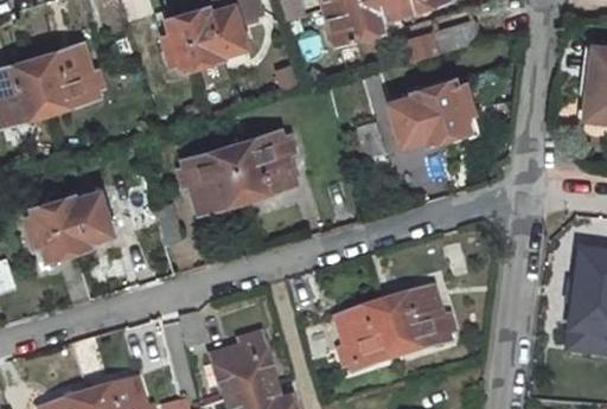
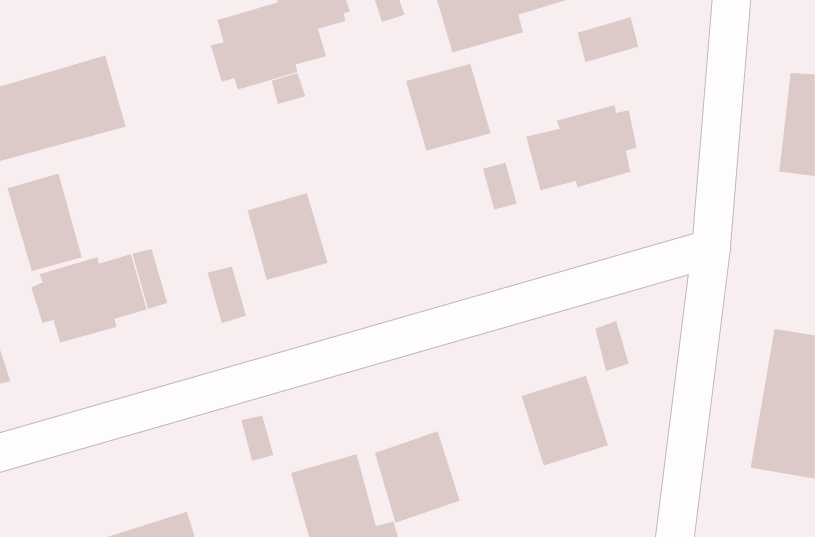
building: none -> [7,173,82,272]
building: [229,134,293,199] -> [405,63,492,151]
building: [339,298,403,366] -> [374,431,461,523]

